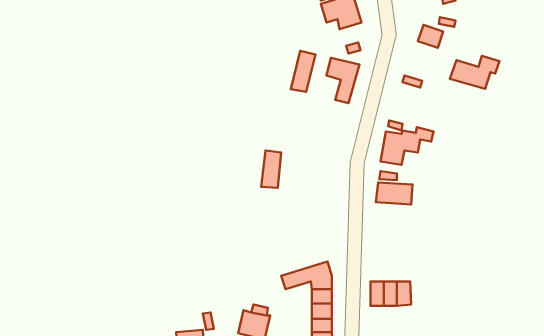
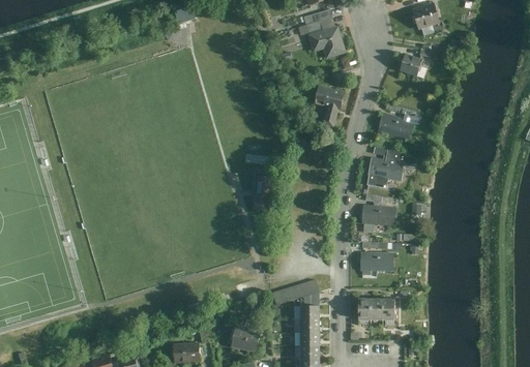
building: [291,51,315,92] -> none
building: [450,56,499,89] -> [377,110,423,141]
building: none -> [358,251,392,274]

